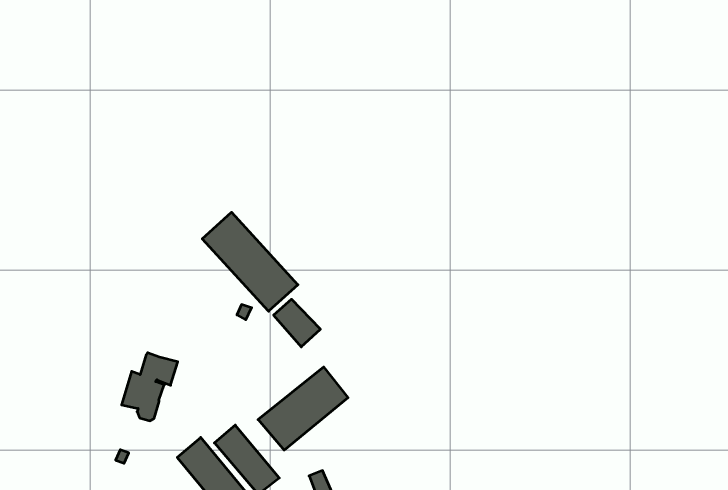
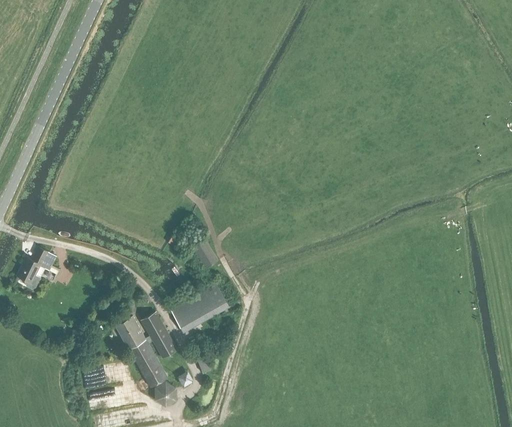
building: [202,212,298,311] -> none
building: [122,353,178,421] -> [16,246,56,289]

